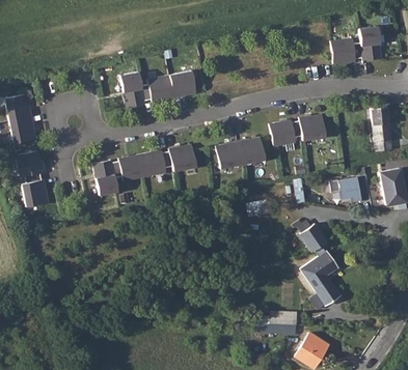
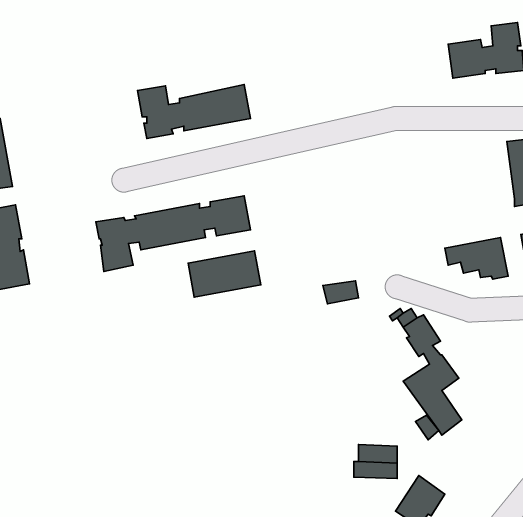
building: [273,116,329,146] -> none
building: [217,139,266,170] -> [188,251,261,297]

